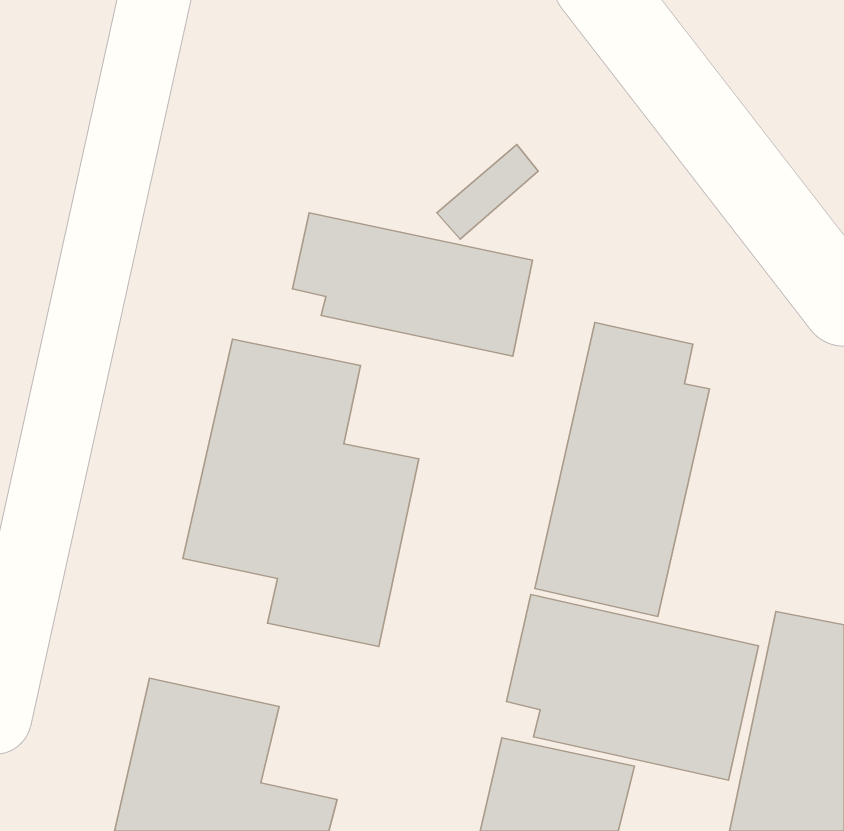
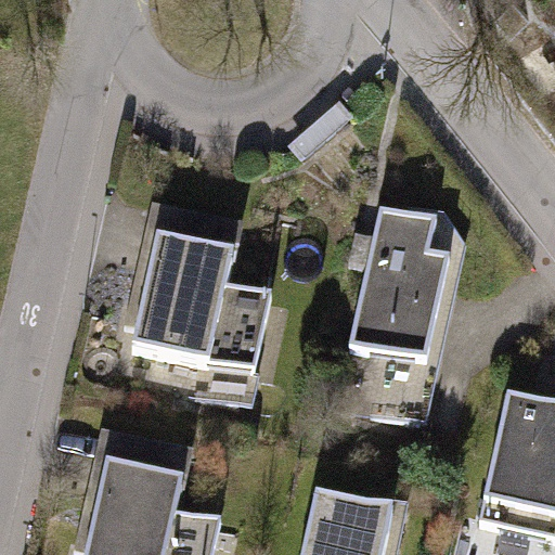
building: [292,213,533,356] -> none
building: [506,595,758,780] -> none

